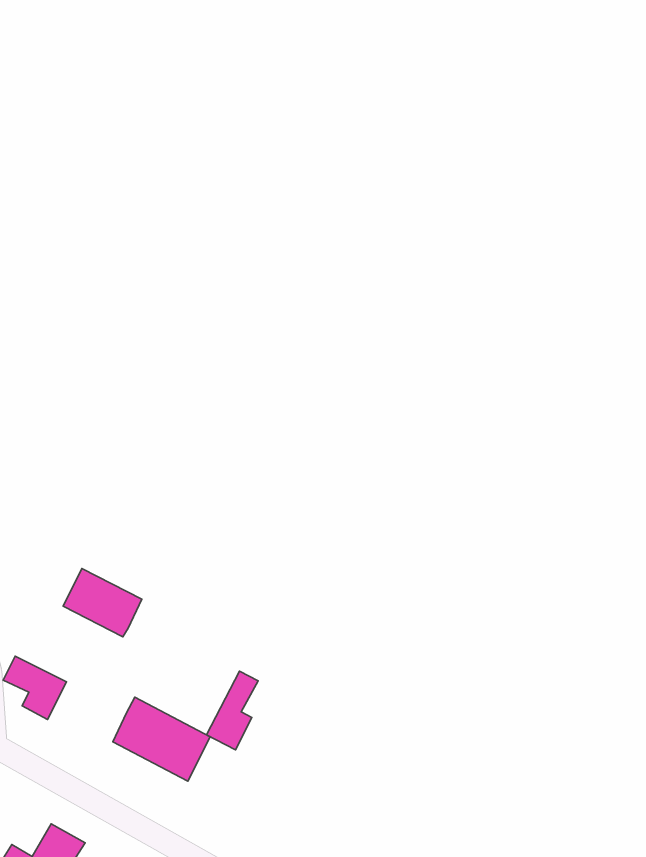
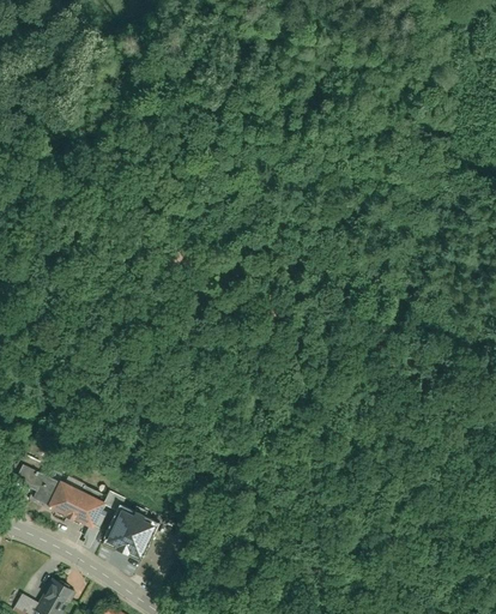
building: [63,568,142,637] -> [47,481,102,529]
building: [206,671,258,750] -> none

